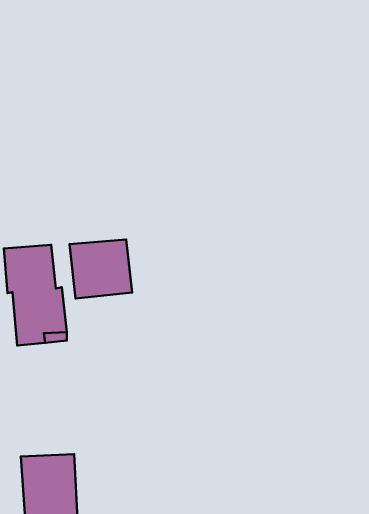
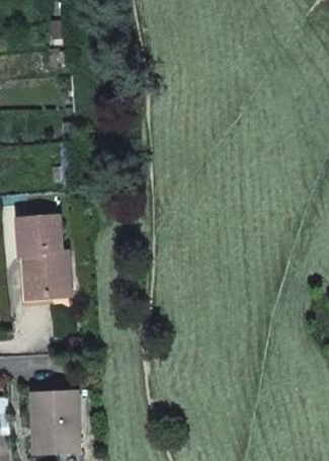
building: [69,239,132,299] -> none

